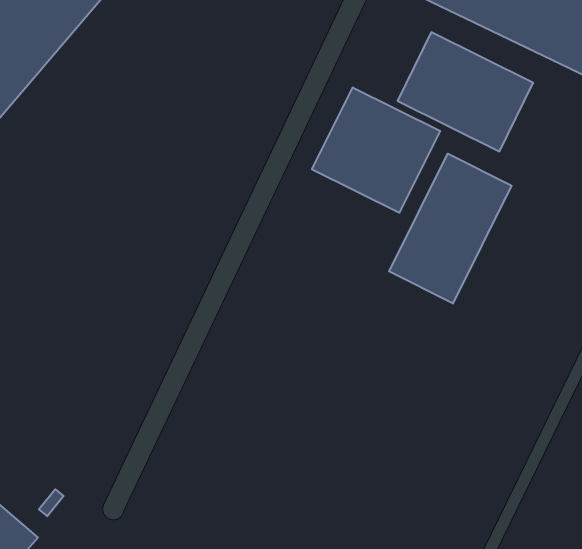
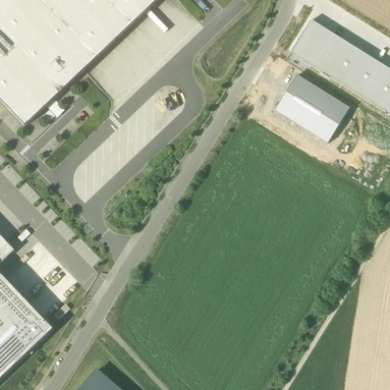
building: [312,87,440,213] -> none
building: [389,154,512,304] -> none

